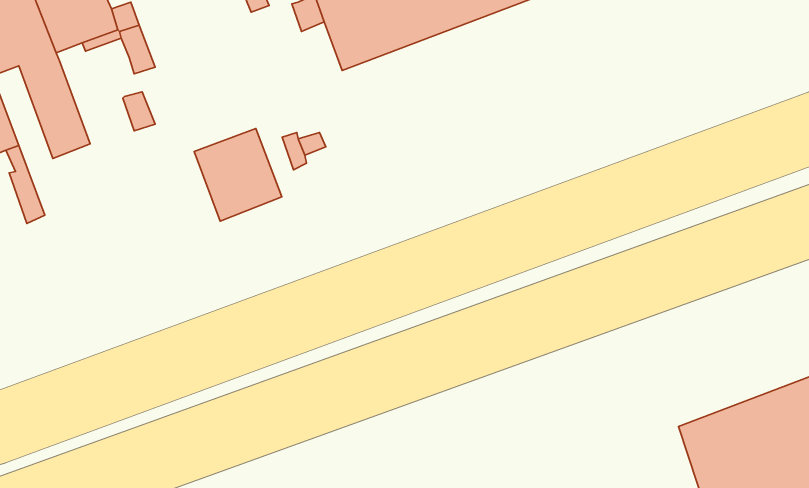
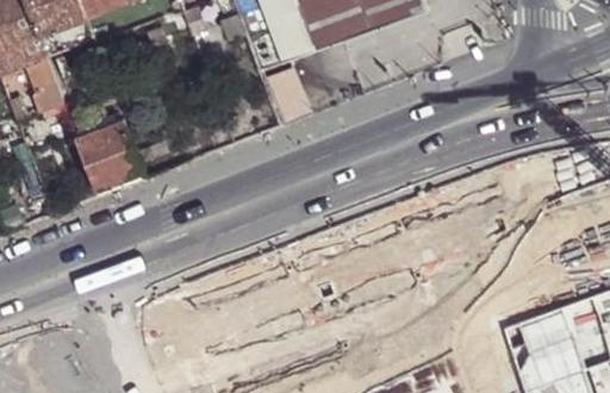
building: [194,129,282,221] -> [77,117,142,185]

